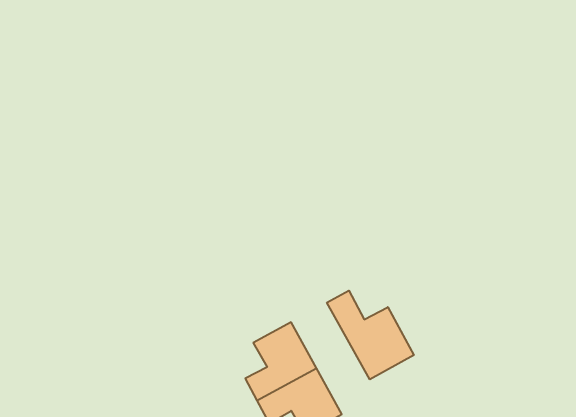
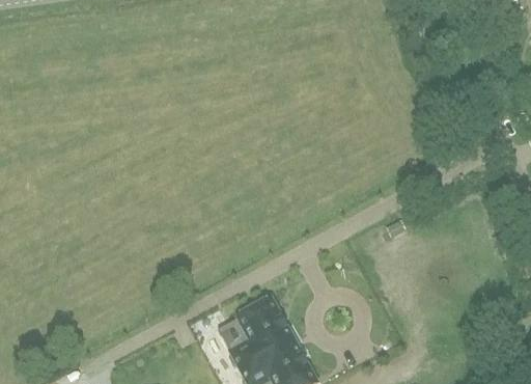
building: [327,291,414,379] -> none

